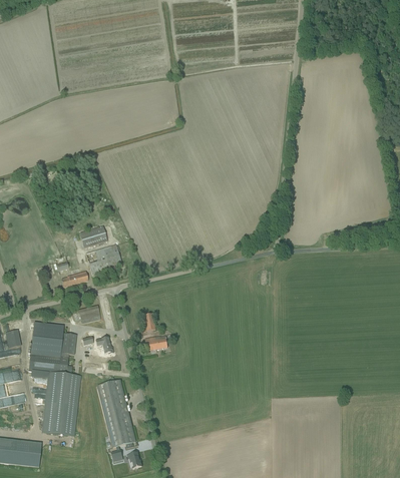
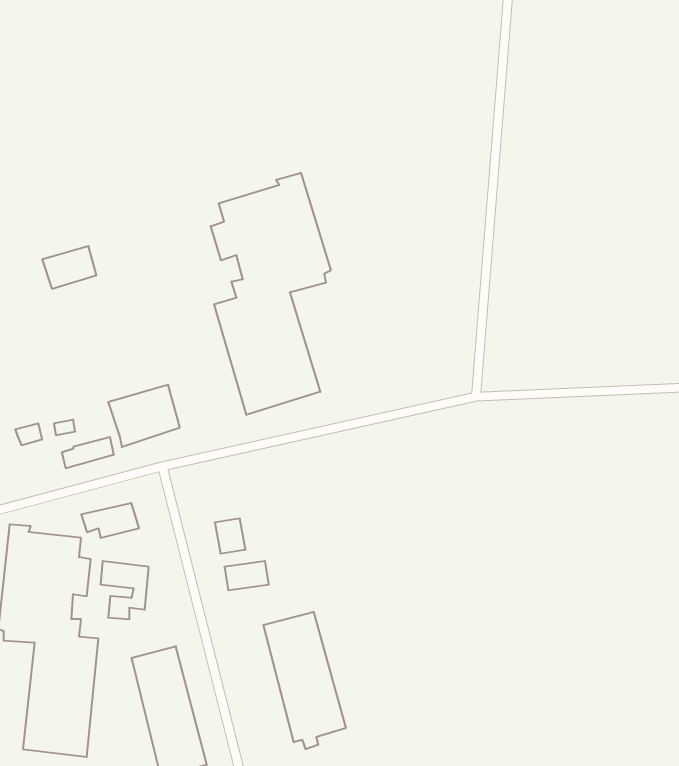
building: none -> [211,173,331,415]
building: [79,224,107,247] -> [42,246,96,289]
building: none -> [264,612,346,749]

